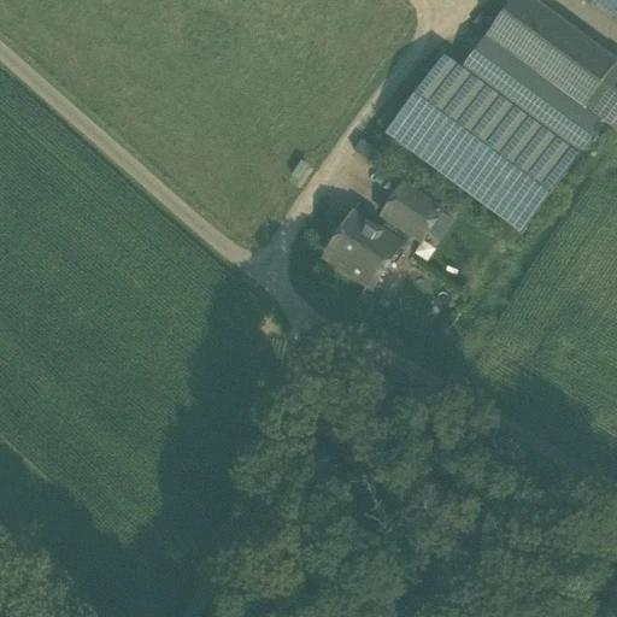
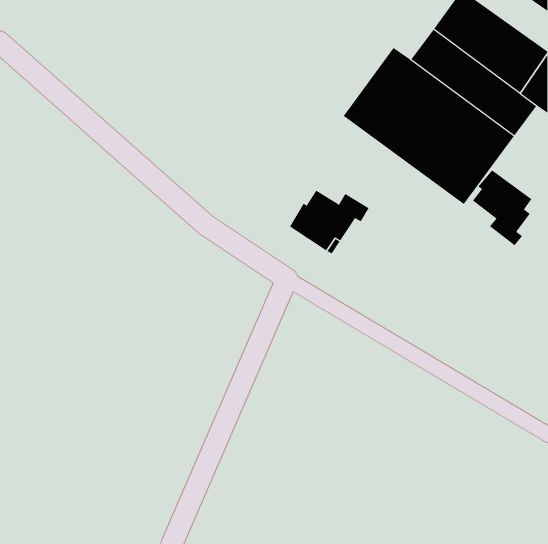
building: [381,183,441,240] -> none
building: none -> [472,169,532,246]

